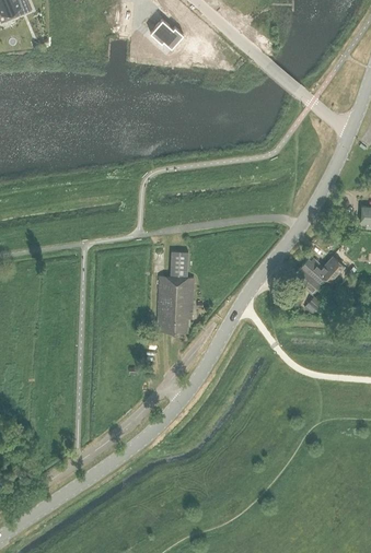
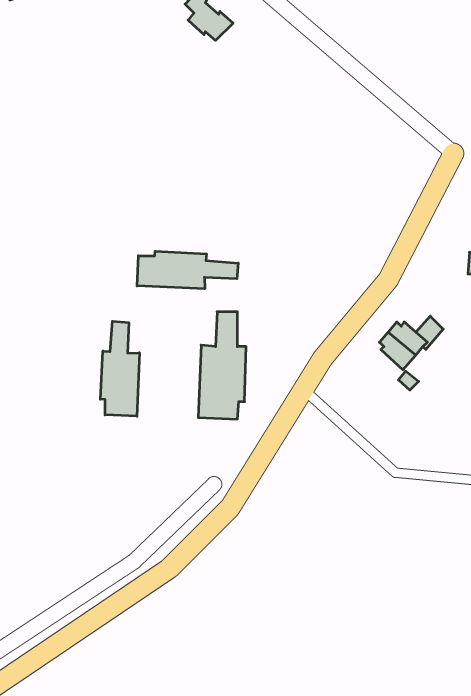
building: none -> [137,251,238,289]
building: none -> [100,321,139,416]

